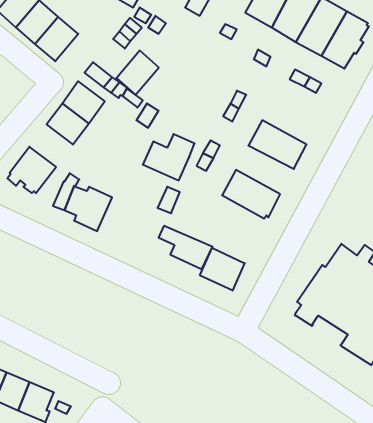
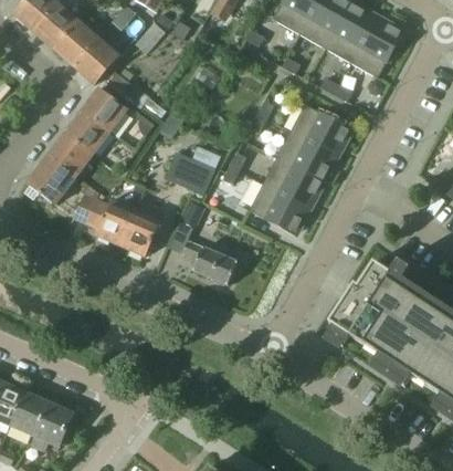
building: [116,51,159,95] -> [74,39,118,85]
building: none -> [291,103,350,155]
building: none -> [48,134,93,178]
building: none -> [263,156,324,207]
building: none -> [118,210,159,257]
building: [200,248,245,291] -> none

